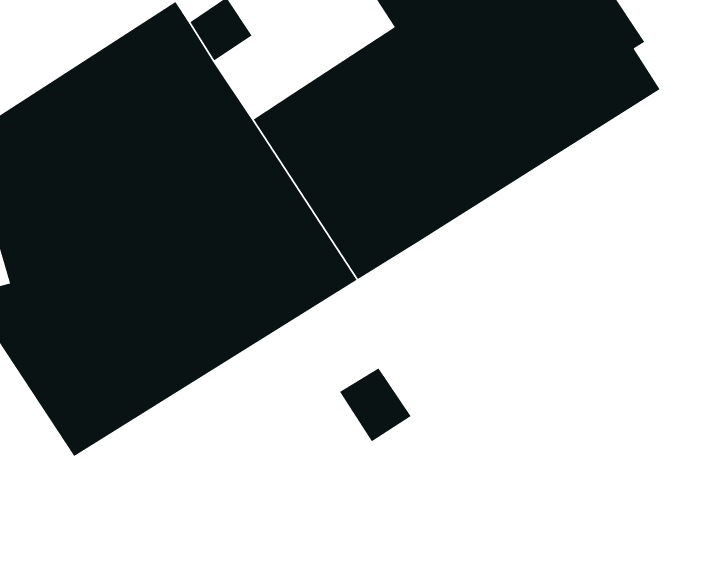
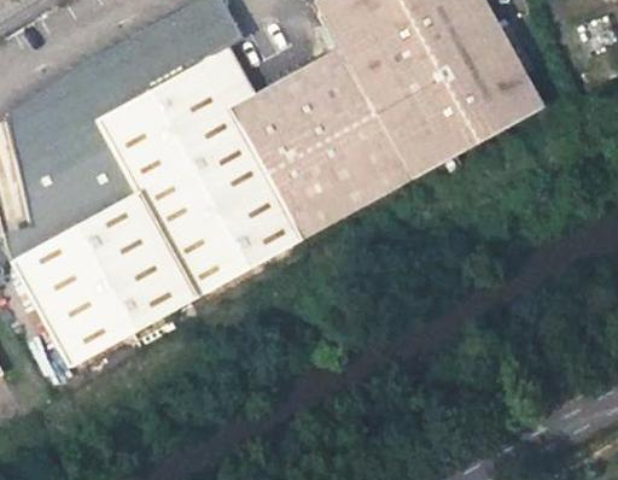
building: none -> [199,46,258,111]
building: [339,367,412,442] -> none

